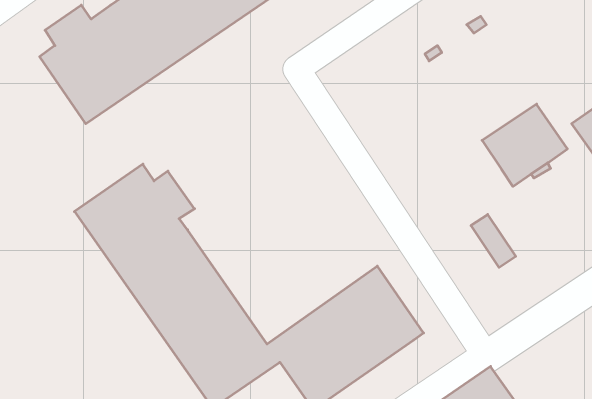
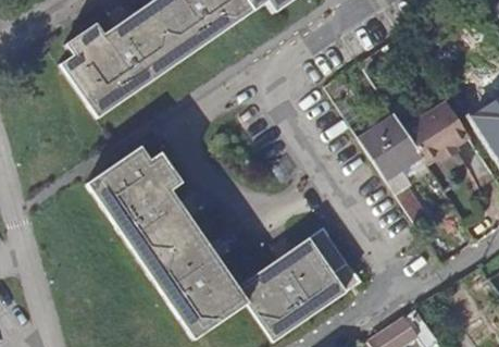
building: none -> [361,116,421,176]

